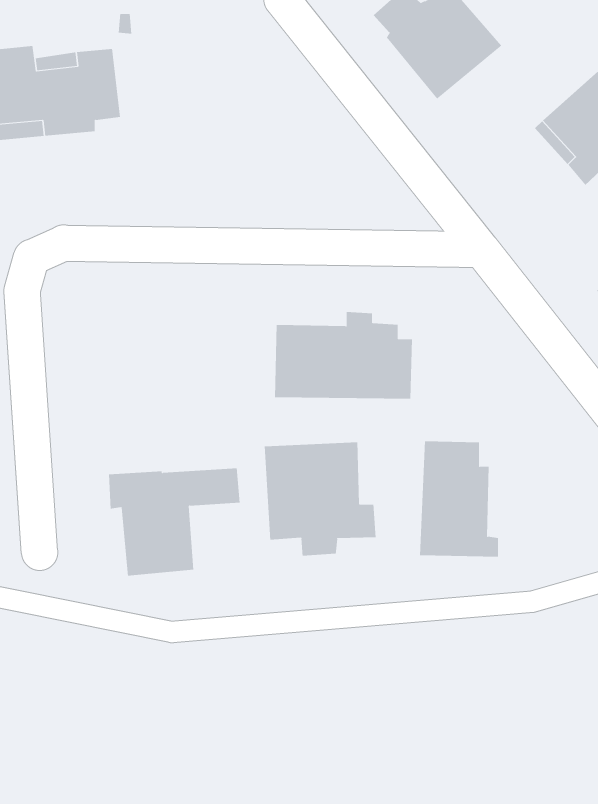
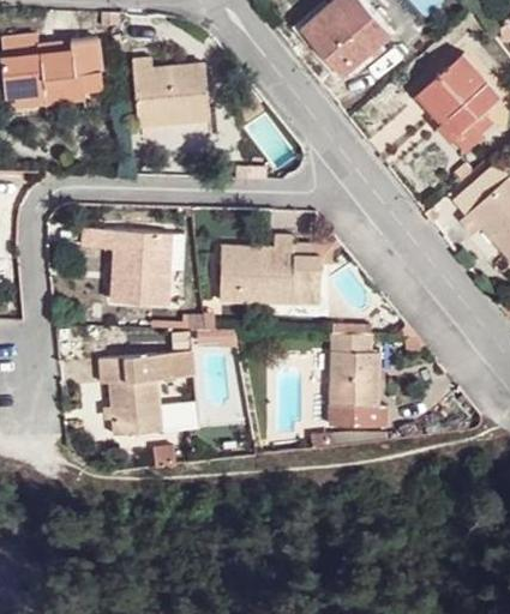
building: none -> [131,58,209,125]
building: none -> [101,229,170,303]
building: [264,442,376,557] -> none

